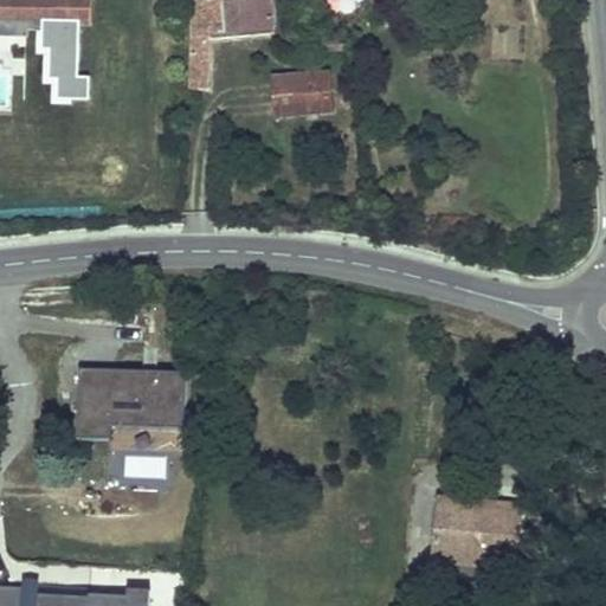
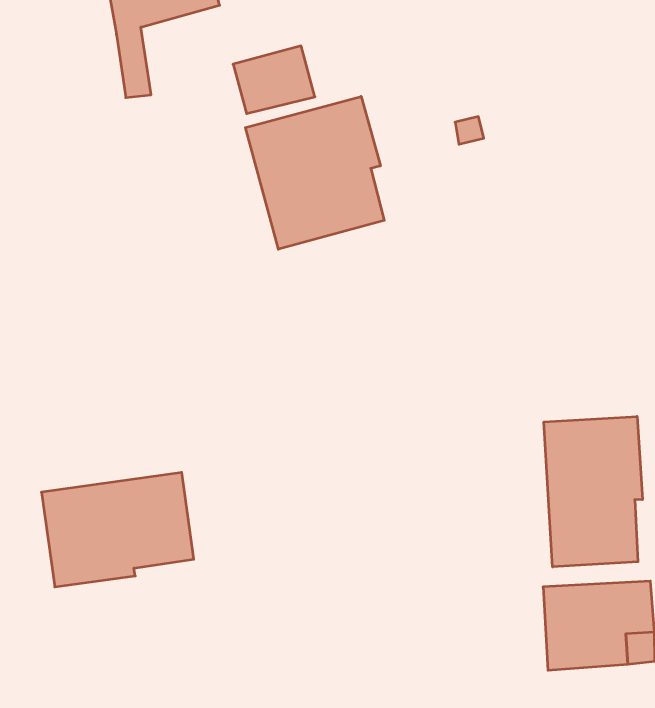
building: none -> [245,96,384,249]
building: none -> [544,416,642,567]

